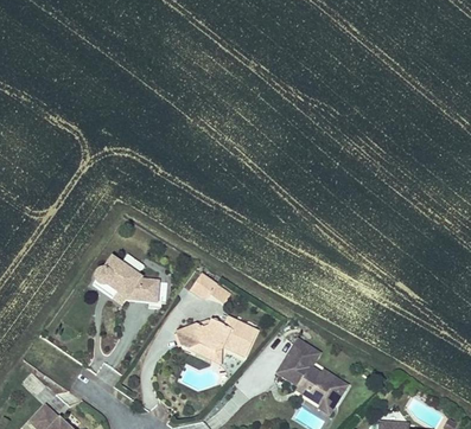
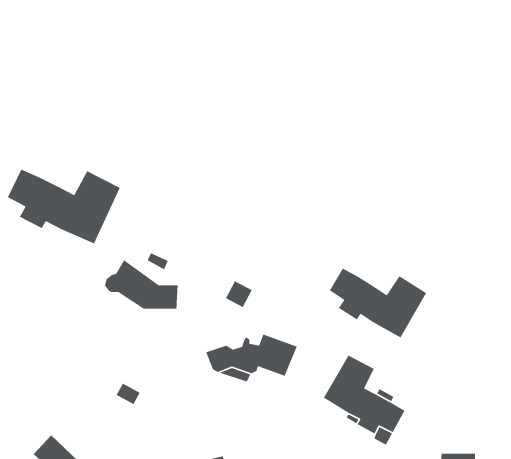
building: none -> [7,168,121,245]
building: none -> [329,267,427,338]

